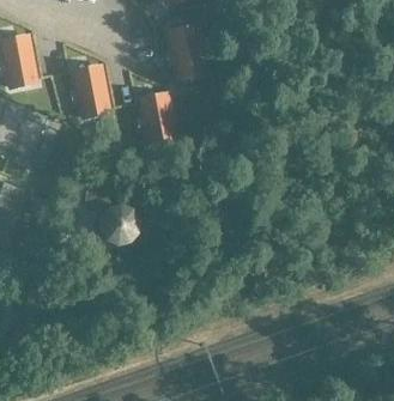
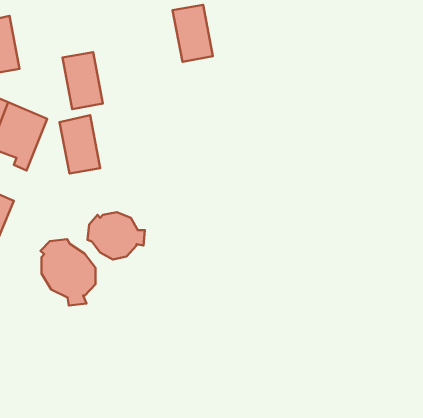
building: [141,93,176,144] -> [60,115,100,174]
building: none -> [40,239,96,306]

